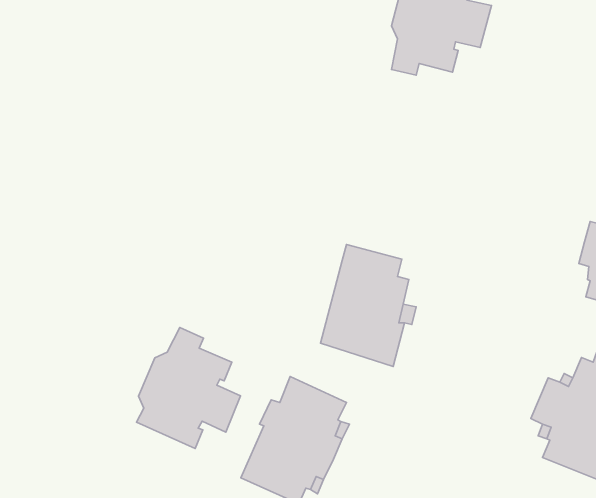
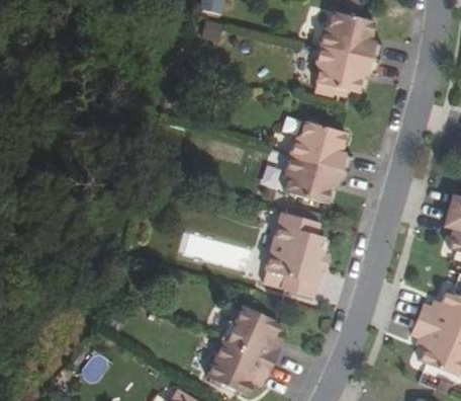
building: none -> [284,118,352,203]
building: [136,328,240,448] -> none

